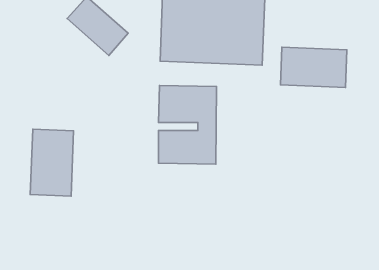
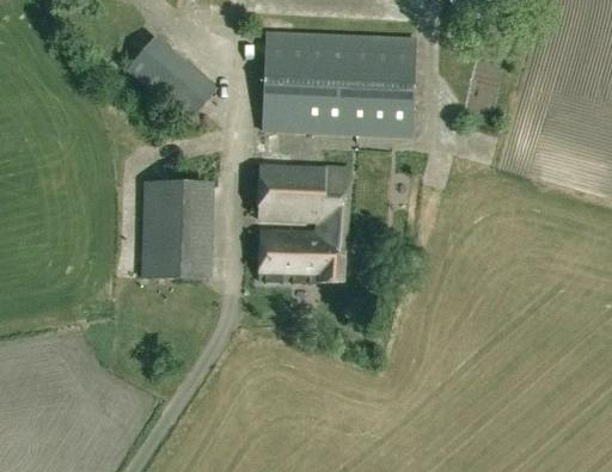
building: [281,47,347,88] -> none
building: [30,129,74,196] -> [142,180,206,278]

